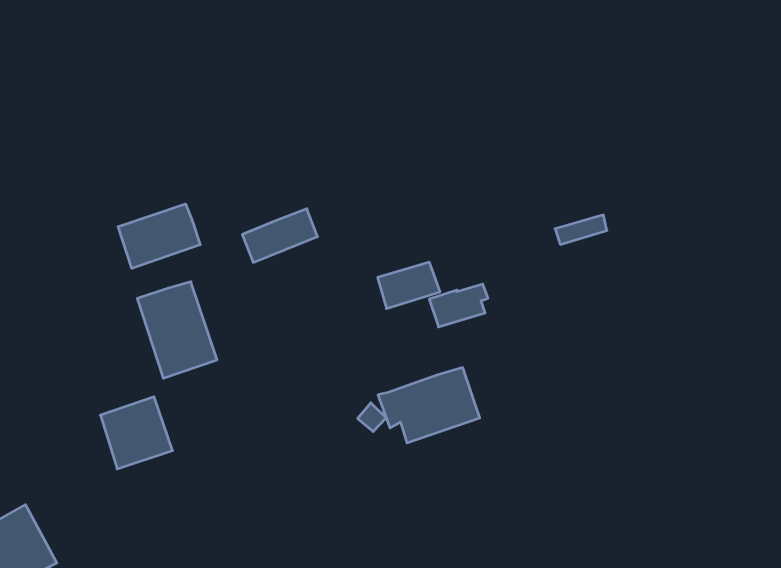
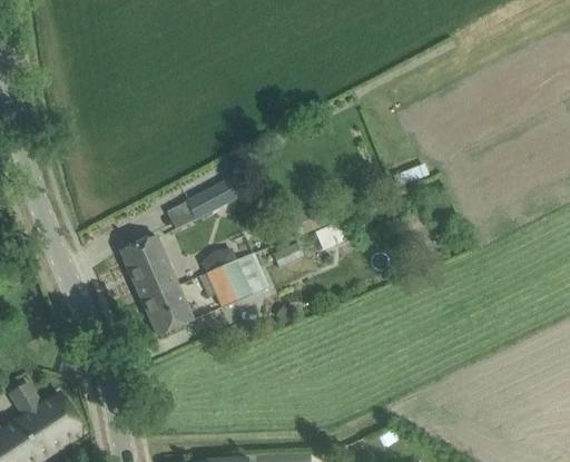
building: [118,204,200,268] -> none
building: [378,368,480,443] -> [198,254,267,307]
building: [100,397,173,469] -> [142,286,193,336]

